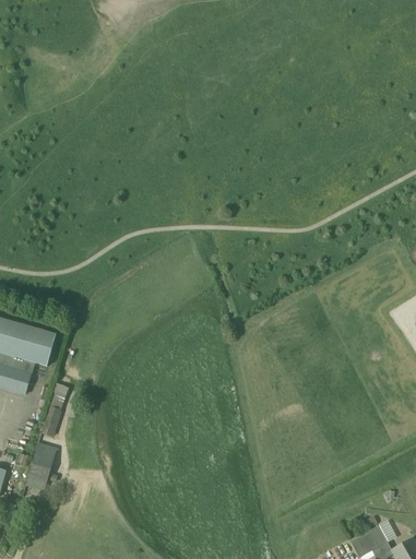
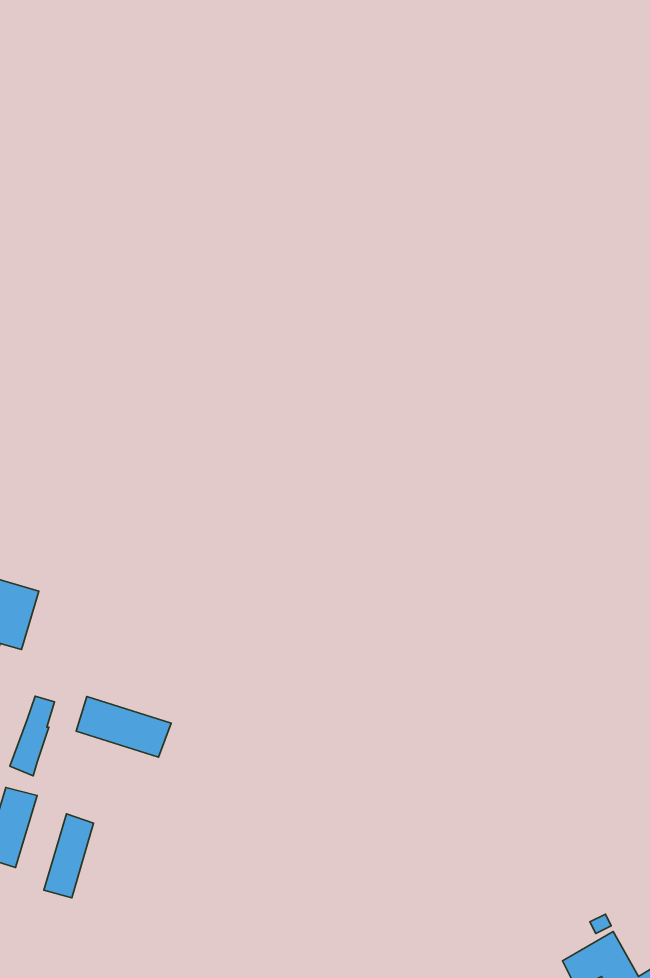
building: none -> [76,696,171,757]
building: none -> [44,814,94,898]

